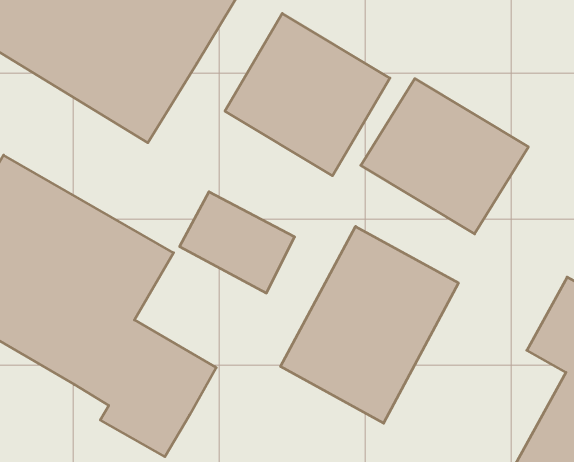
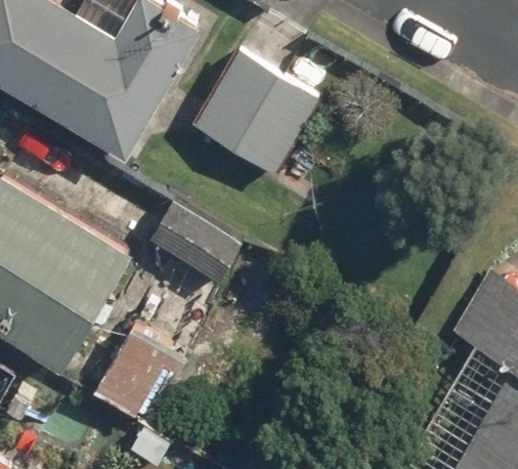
building: [361,79,528,234] -> none
building: [281,226,458,423] -> none

